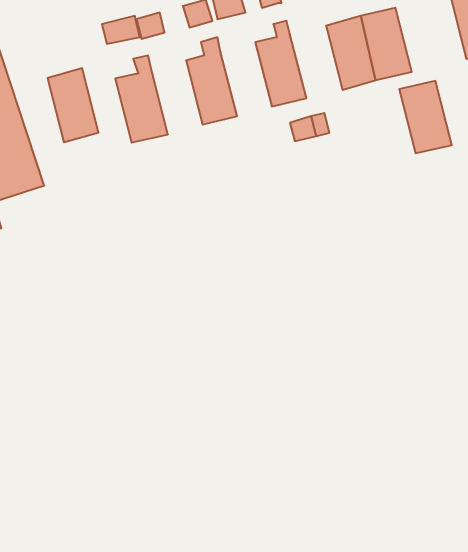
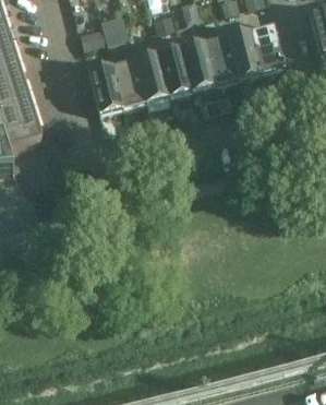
building: none -> [158,45,192,94]
building: [48,68,99,142] -> [112,57,146,106]
building: [399,81,452,153] -> [204,34,239,82]

